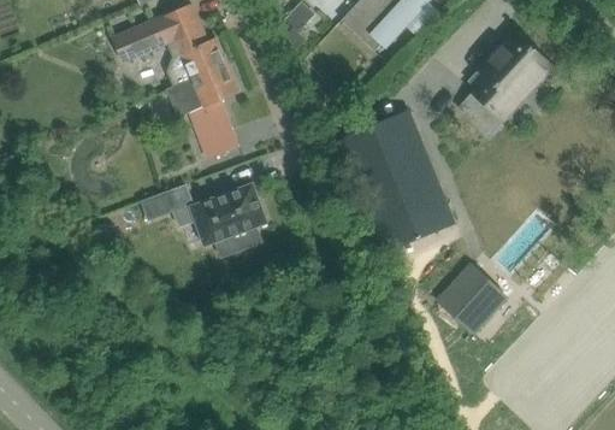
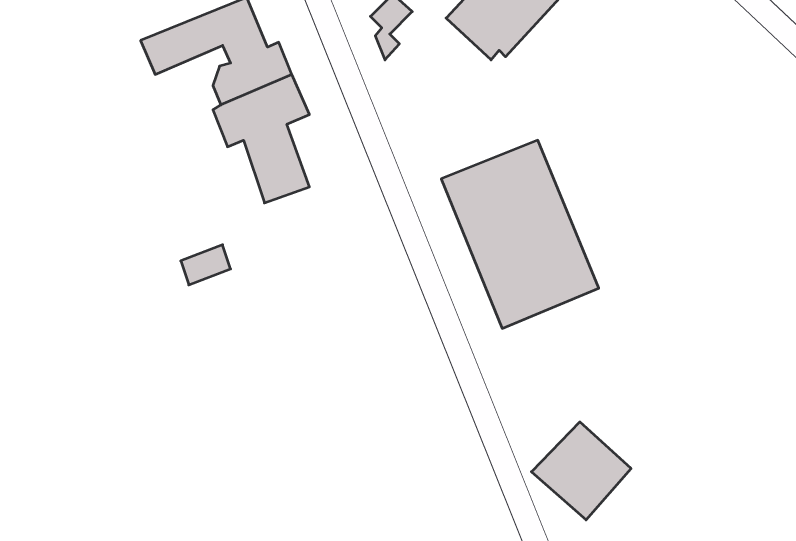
building: [459,34,549,134] -> none
building: [189,184,266,251] -> none
building: [433,264,508,337] -> [531,422,631,520]

